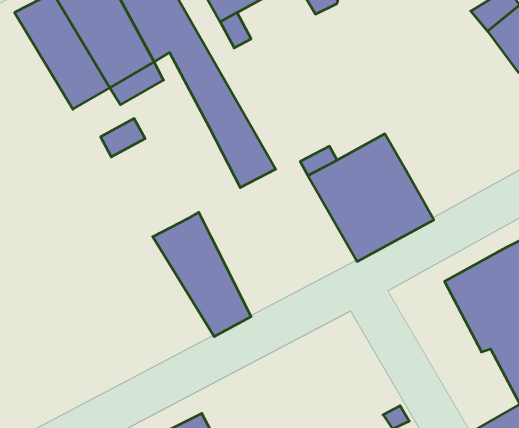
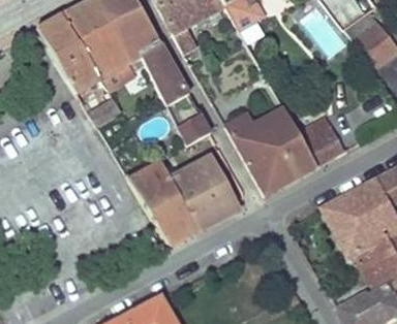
building: none -> [299,119,344,165]
building: none -> [167,155,239,230]

